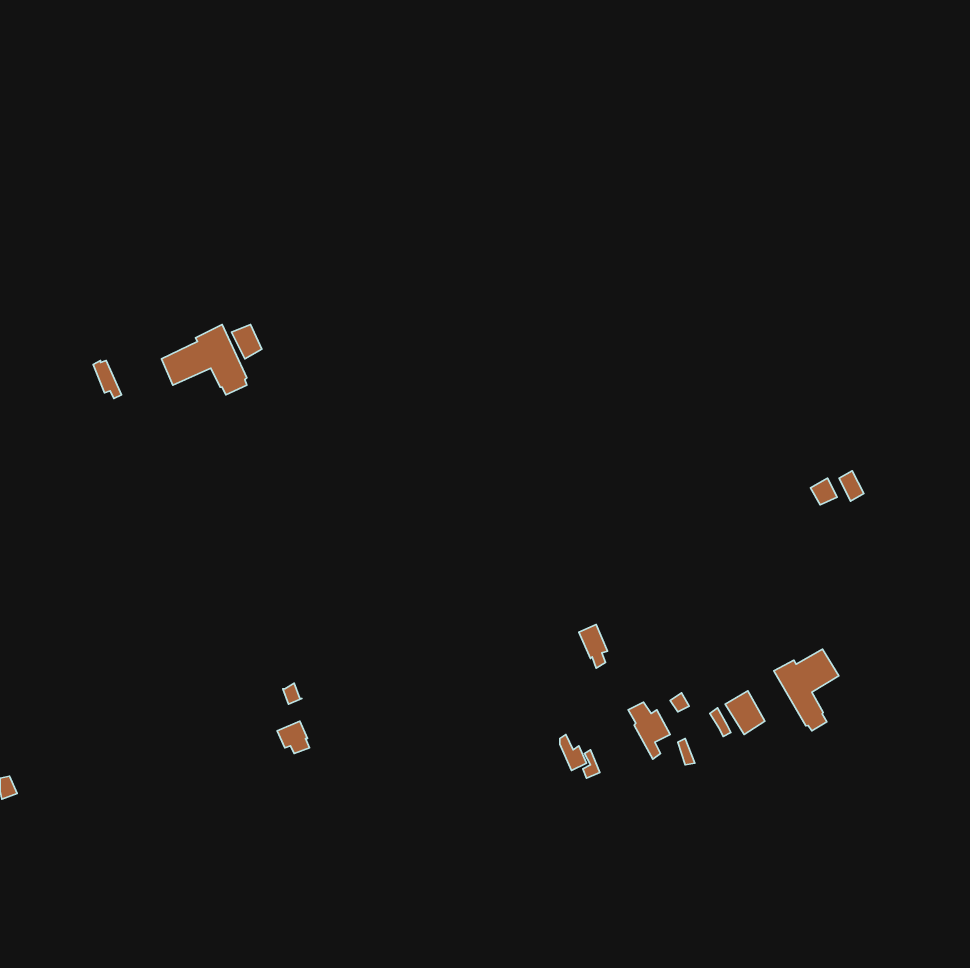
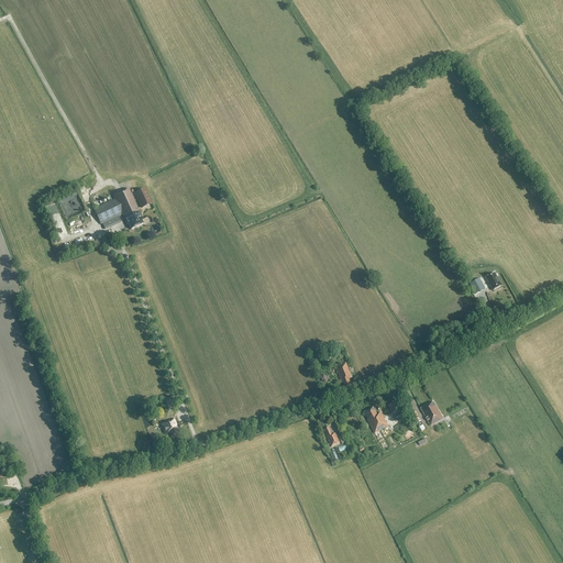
building: [774,649,839,731] -> none

